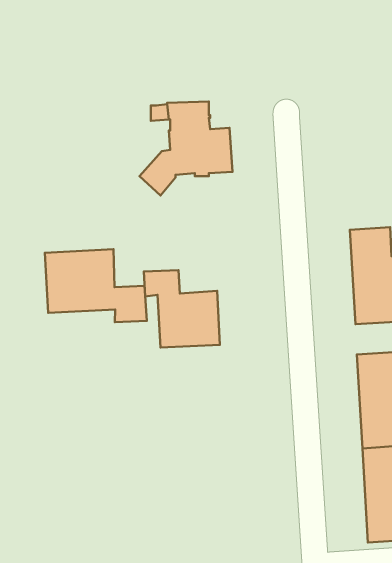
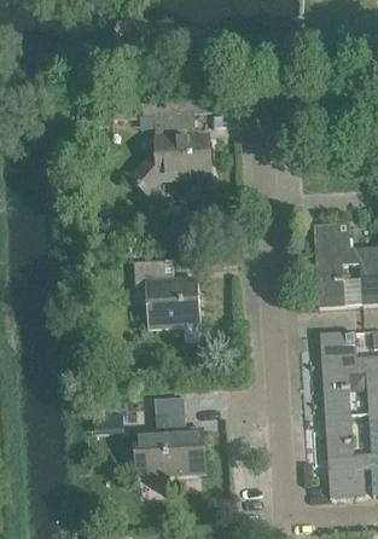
building: [45,249,147,322] -> none
building: none -> [134,398,204,477]

